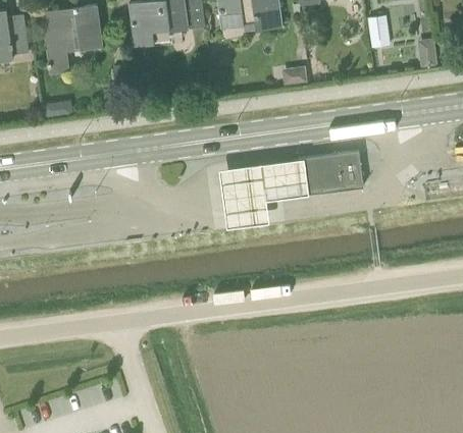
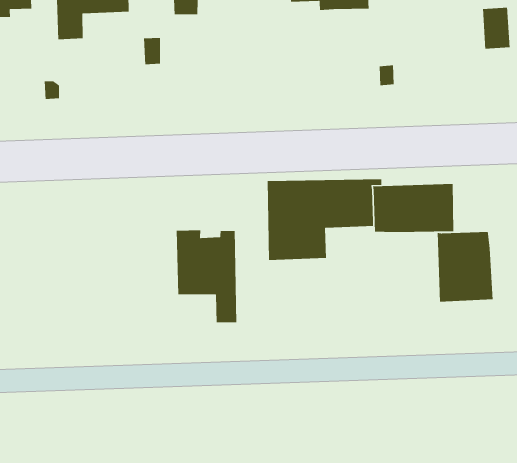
building: none -> [437,231,494,303]
building: none -> [176,230,237,323]

